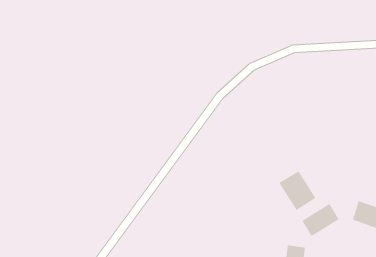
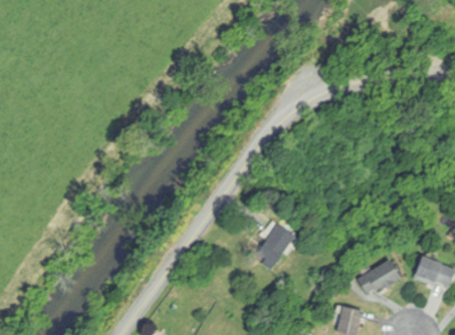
building: [279,171,316,211] -> none
building: none -> [255,223,294,265]

